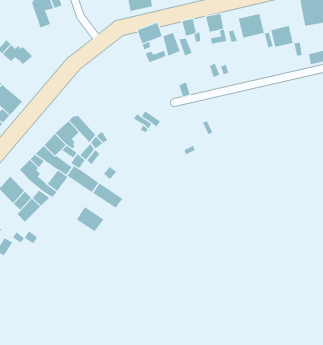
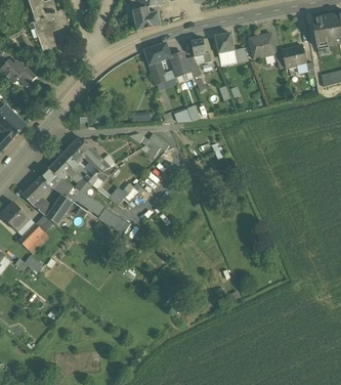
building: [76,206,104,232] -> none

